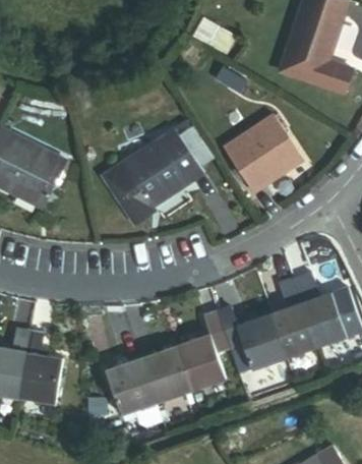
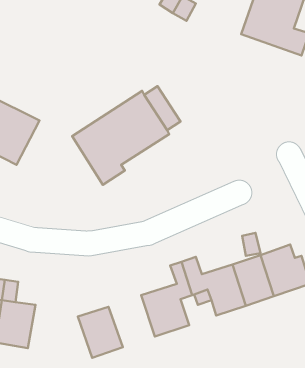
building: [223,117,301,193] -> none
building: [139,347,188,402] -> none

